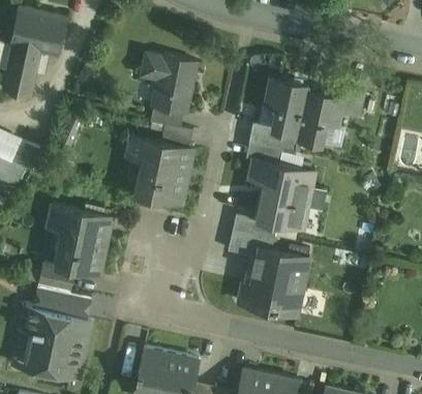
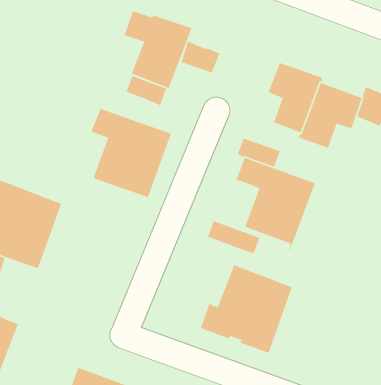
building: [250,124,287,151] -> none
building: [161,125,192,149] -> [181,41,220,74]
building: [228,230,273,257] -> none

